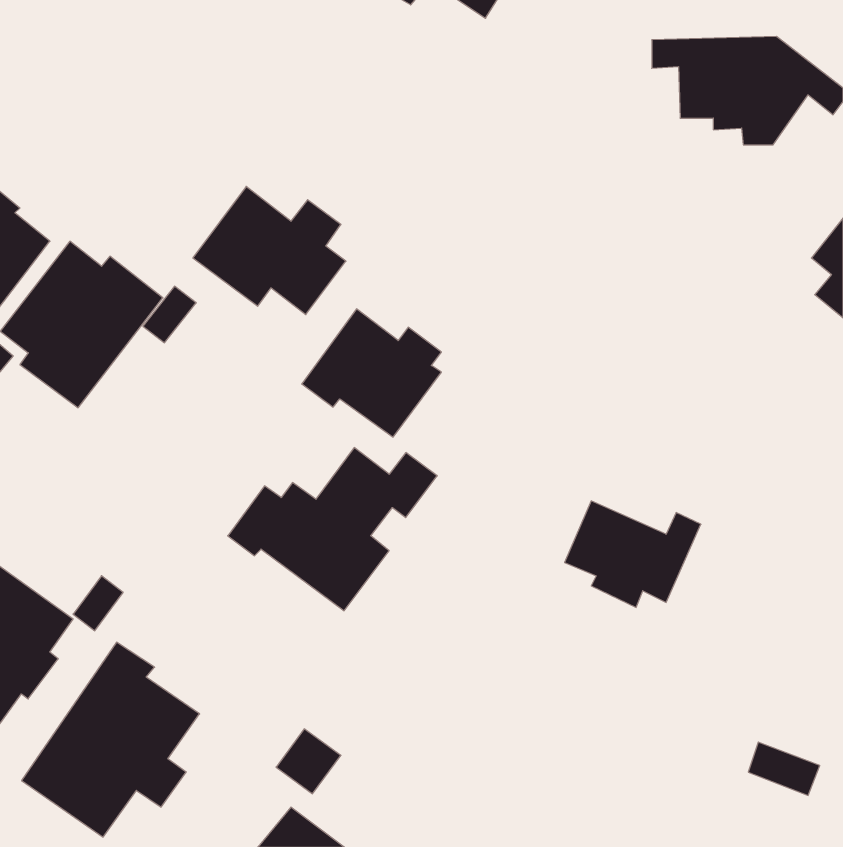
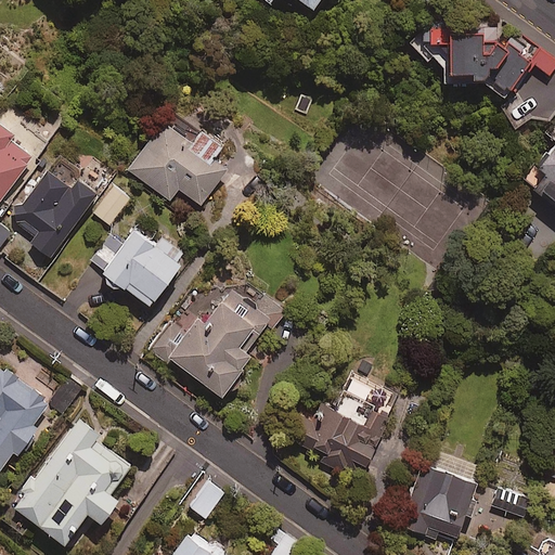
building: [302,309,441,437] -> [95,225,186,309]
building: [565,501,701,607] -> [301,403,390,473]
building: none -> [402,466,479,539]

